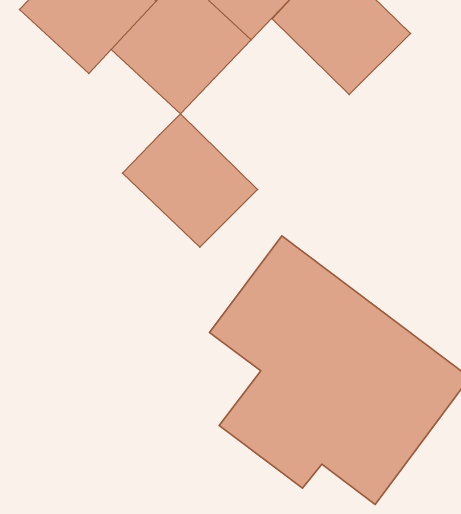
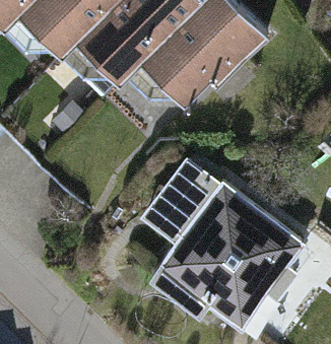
building: [123,114,258,247] -> [146,23,231,108]

